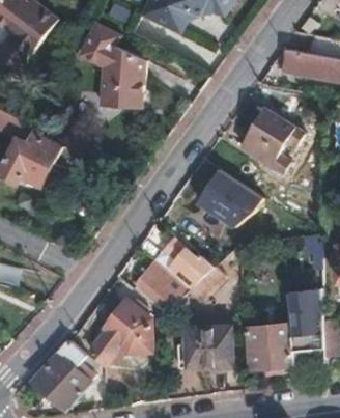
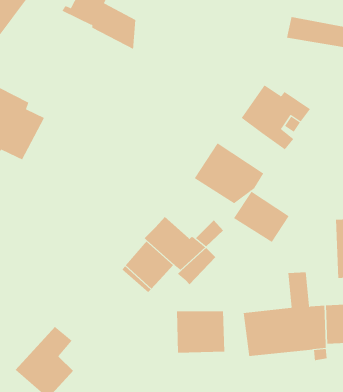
building: [101,62,142,101] -> none
building: none -> [233,191,290,243]
building: [88,301,152,363] -> none

